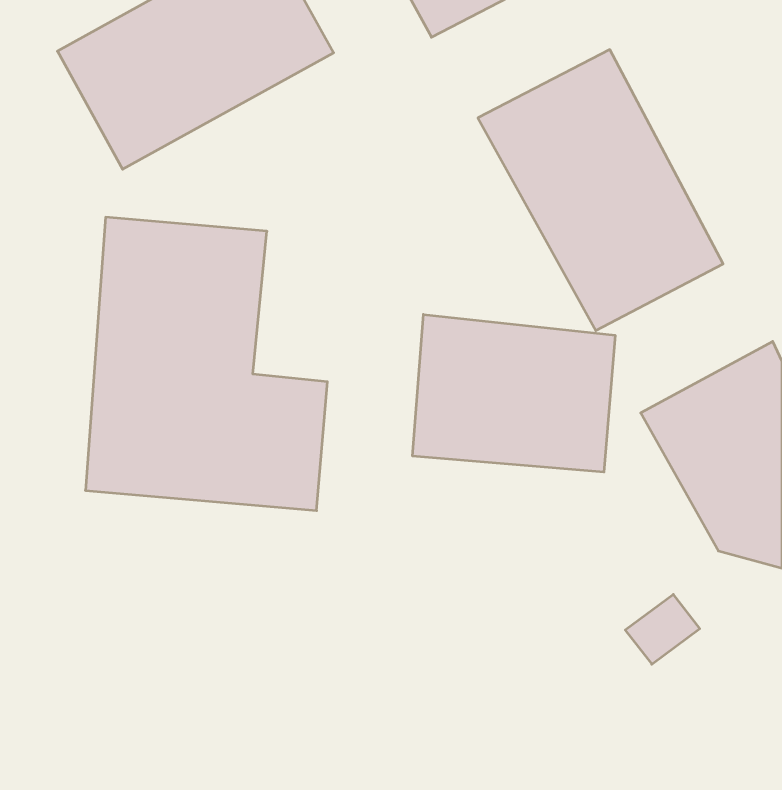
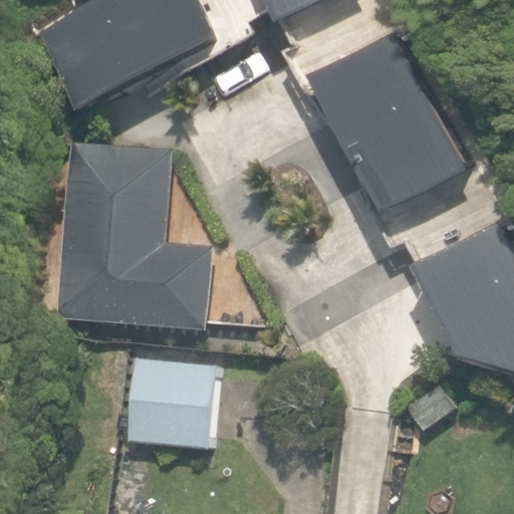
building: [413,314,615,472] -> none
building: none -> [128,358,217,450]

